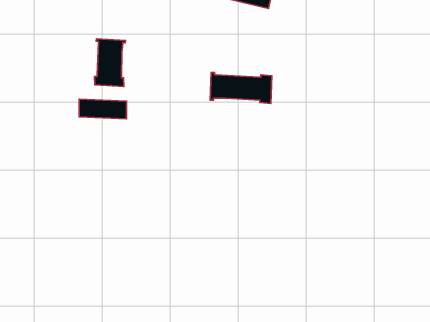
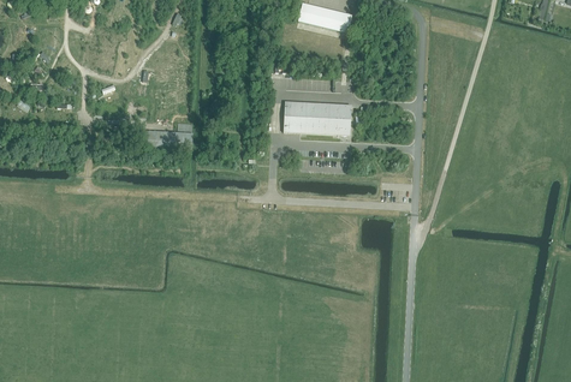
building: [95,39,126,86] -> none

